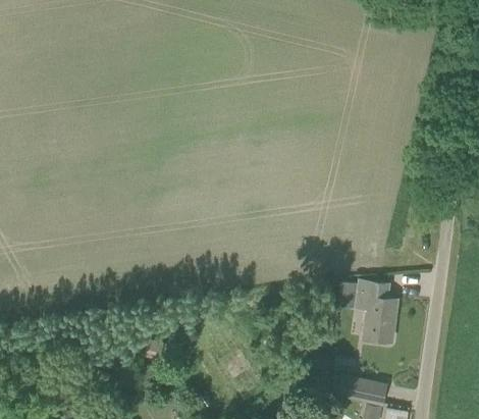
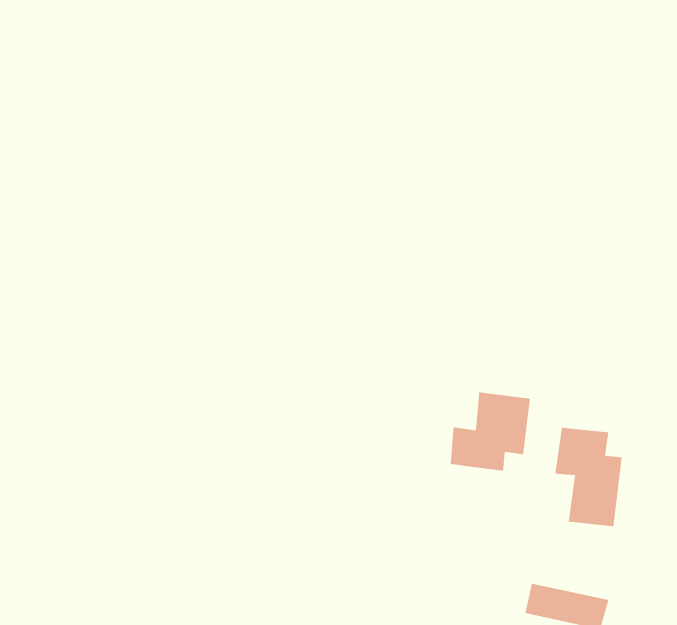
building: none -> [450,391,530,472]

